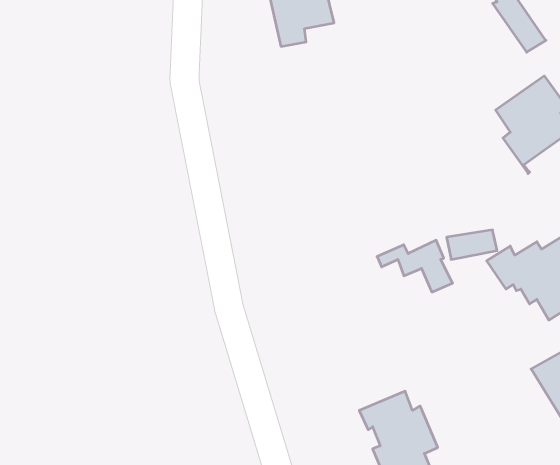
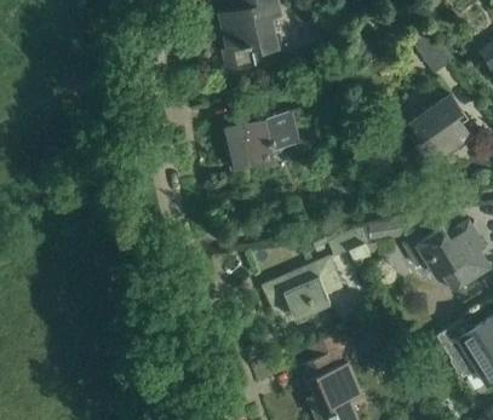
building: none -> [225,113,296,169]
building: none -> [263,257,343,318]

